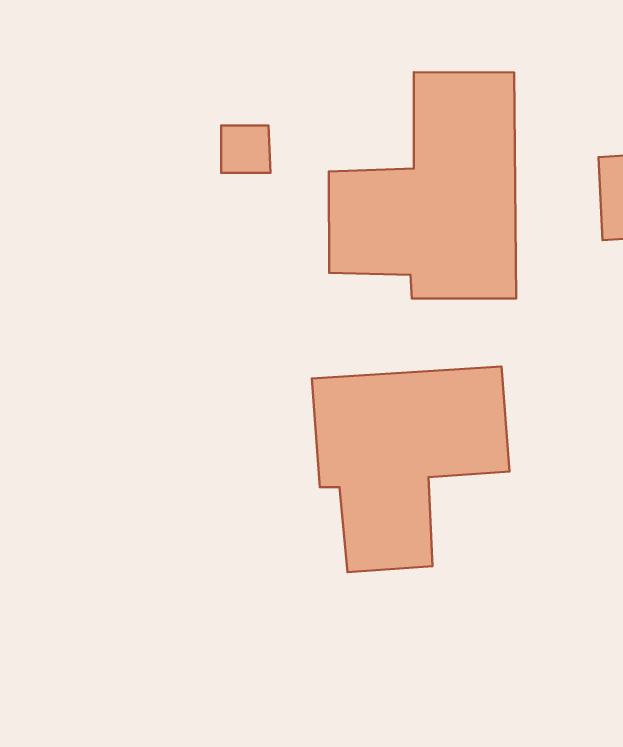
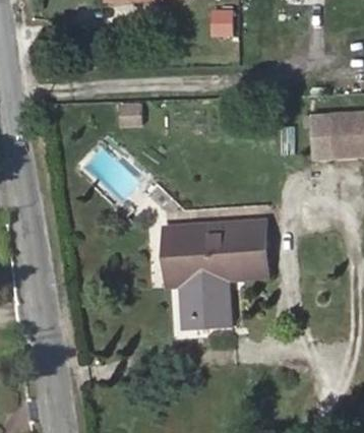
building: [329,72,516,298] -> none

